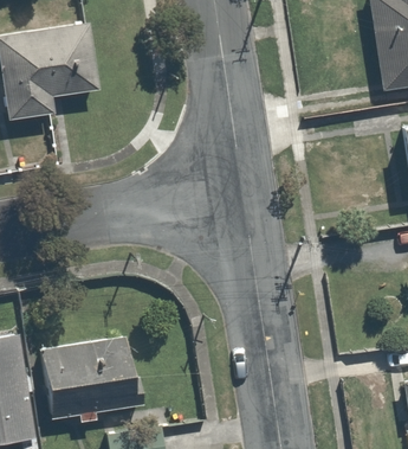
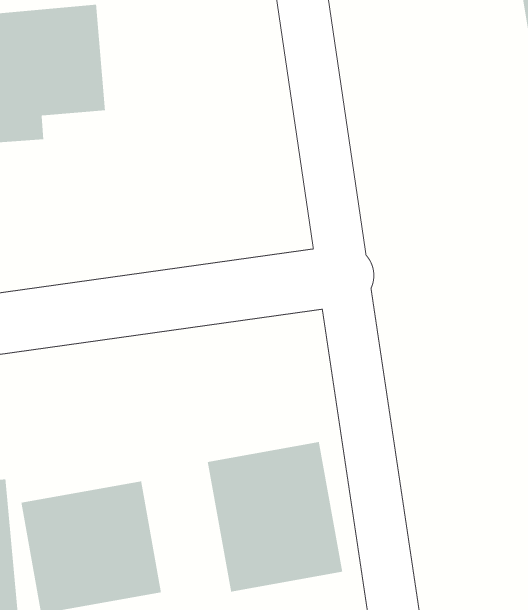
building: none -> [207,441,343,593]

